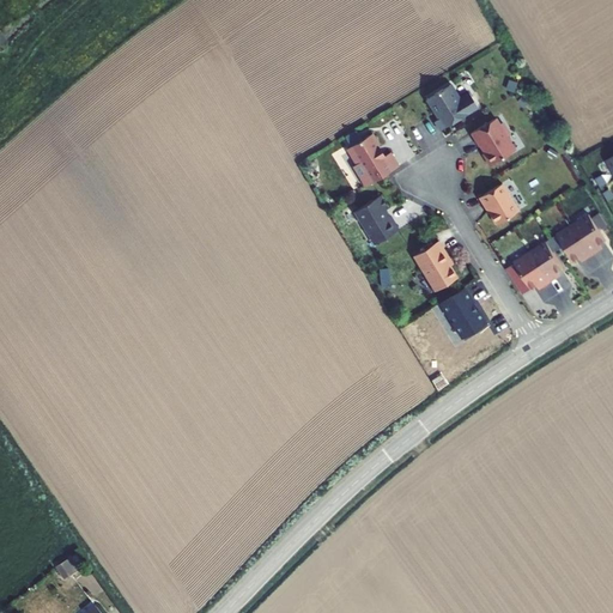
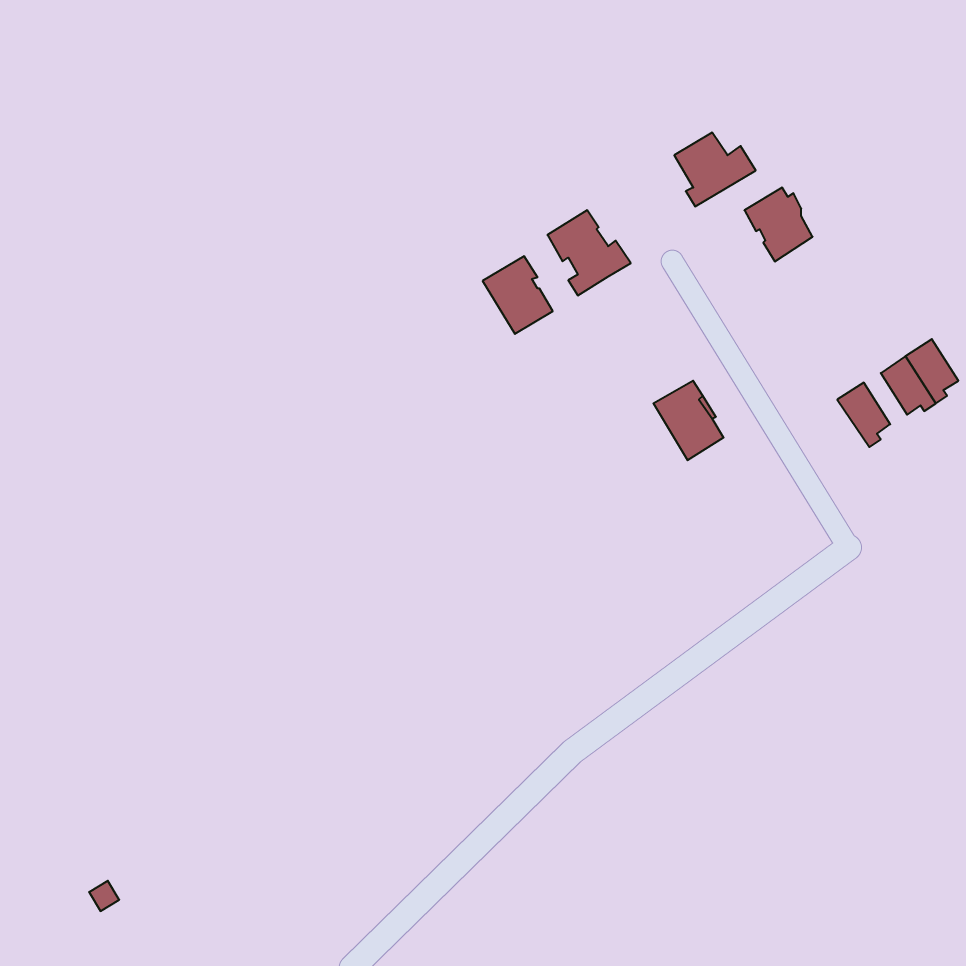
building: [479,184,518,225] -> none
building: [353,196,397,245] -> [483,256,553,334]
building: [505,254,550,291] -> none
building: [439,289,486,340] -> none

